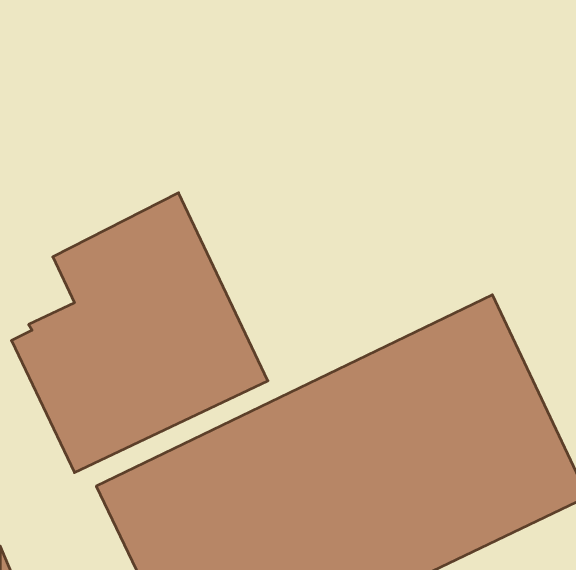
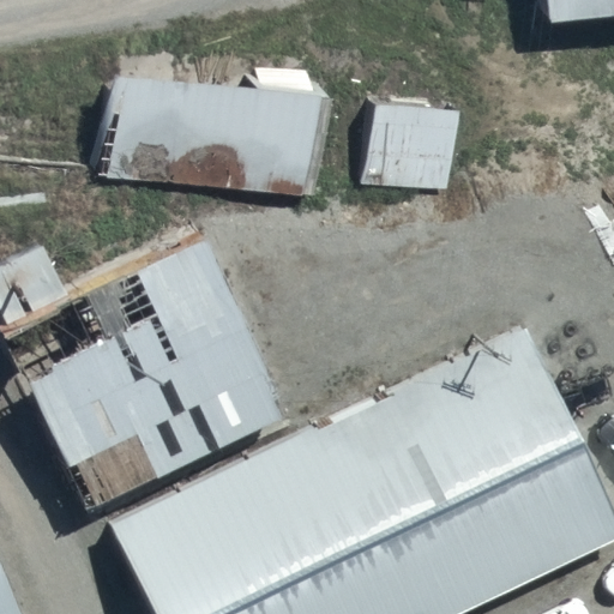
building: none -> [98,70,326,211]
building: none -> [366,106,459,200]

